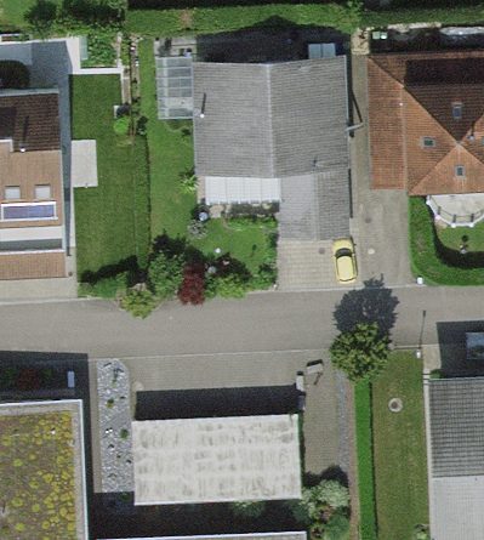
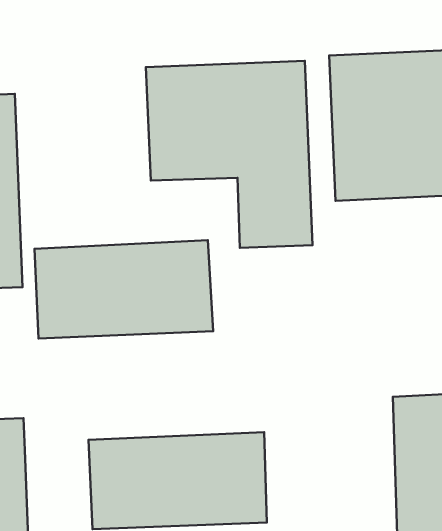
building: none -> [35,240,213,338]

